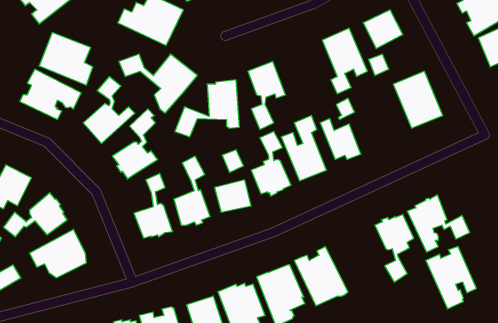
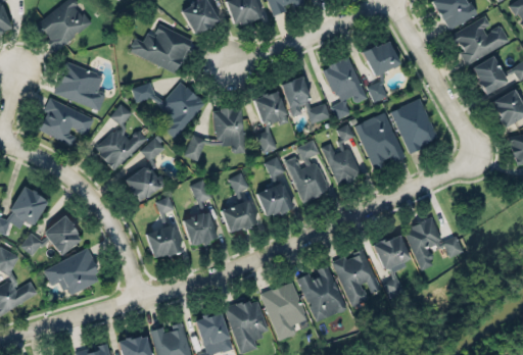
building: none -> [280,75,330,123]
building: none -> [354,112,405,169]
building: [426,246,476,309] -> [332,249,380,308]

